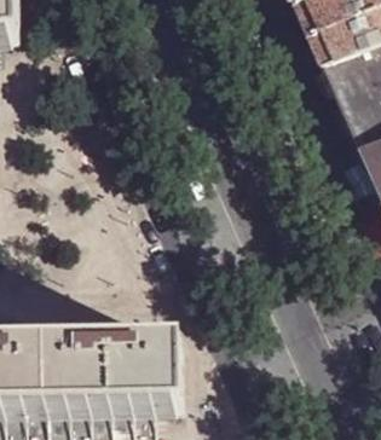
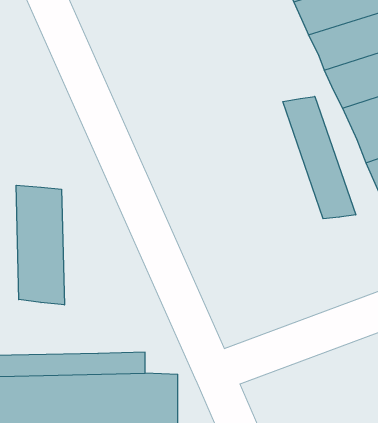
building: none -> [283,96,356,219]
building: none -> [16,185,64,305]

